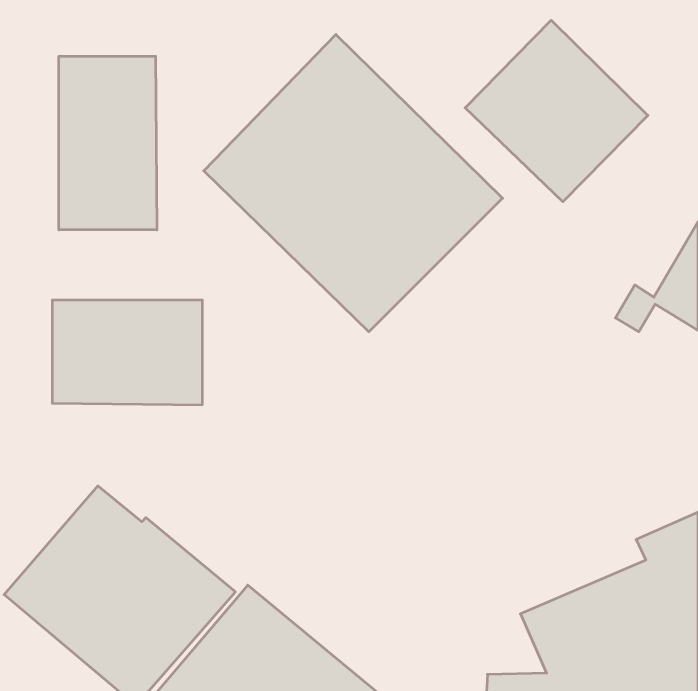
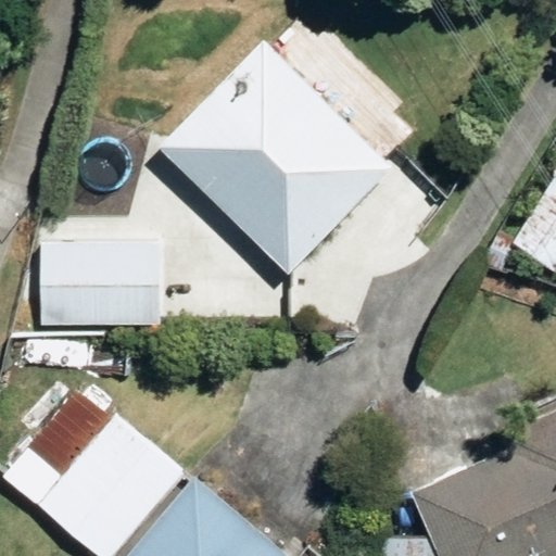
building: [465,20,648,202] -> none
building: [59,56,157,230] -> none

